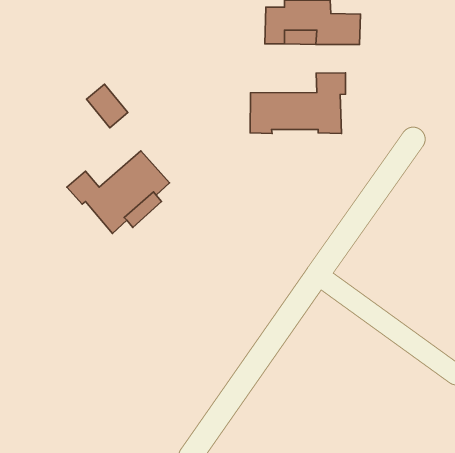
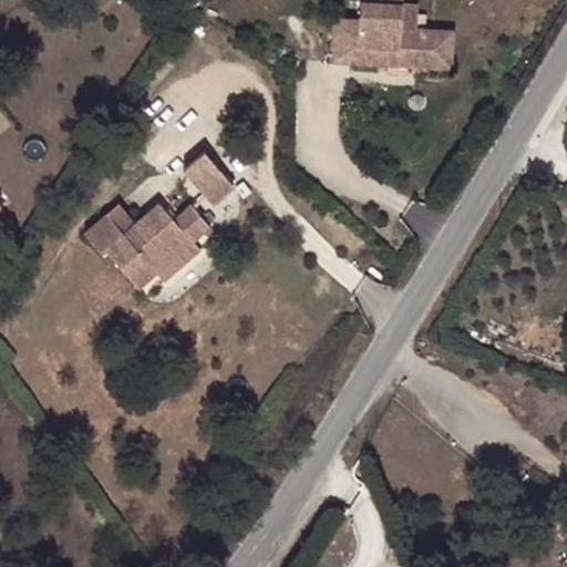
building: [250,73,346,134] -> none
building: [87,84,128,128] -> [184,155,235,209]

